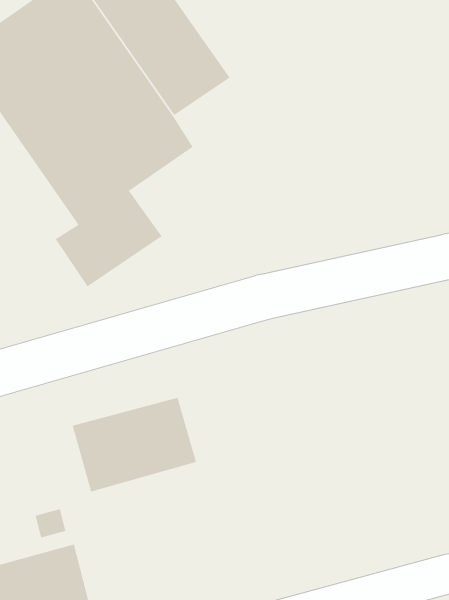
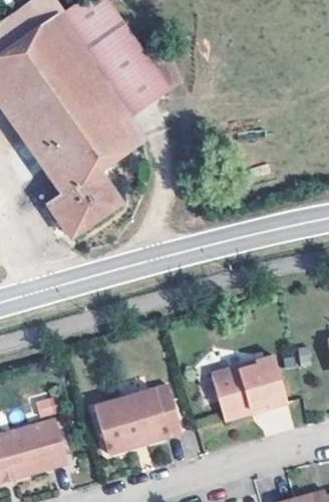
building: [72,397,197,492] -> [95,386,184,453]
building: none -> [212,356,288,421]

